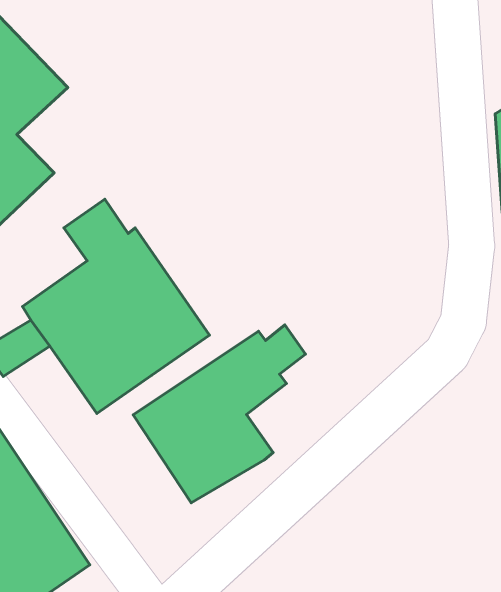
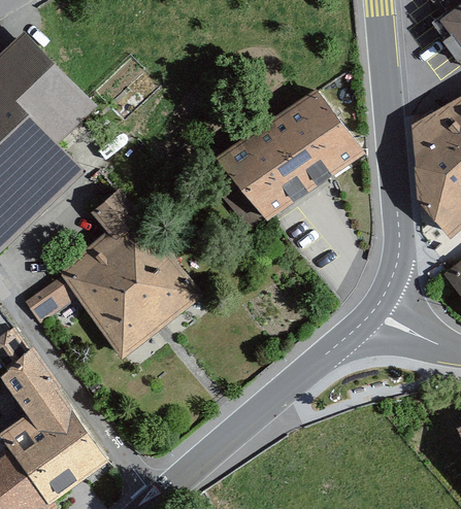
building: none -> [217,91,358,220]
building: [133,325,305,503] -> none

